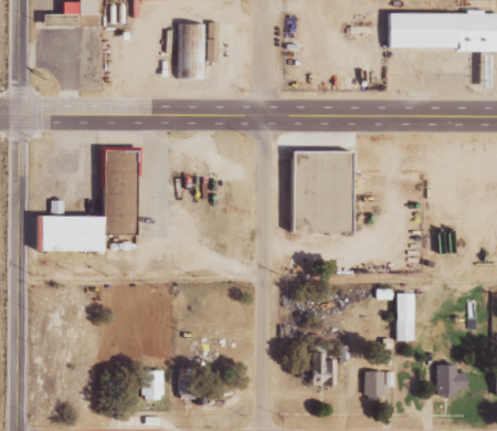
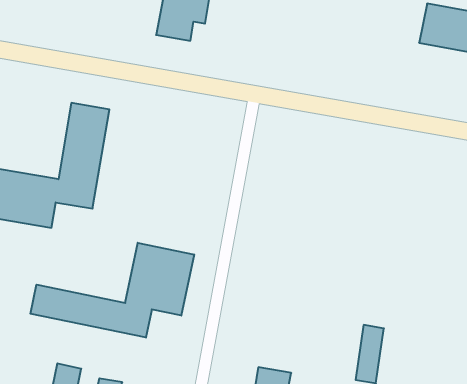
building: [296,148,359,232] -> none
building: none -> [30,243,194,338]

